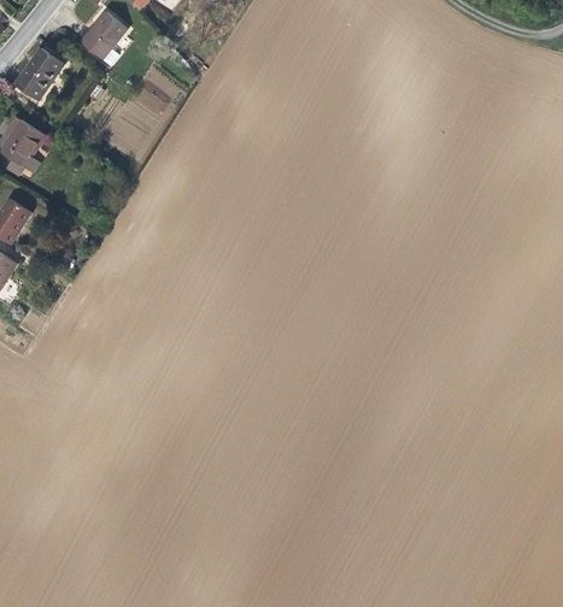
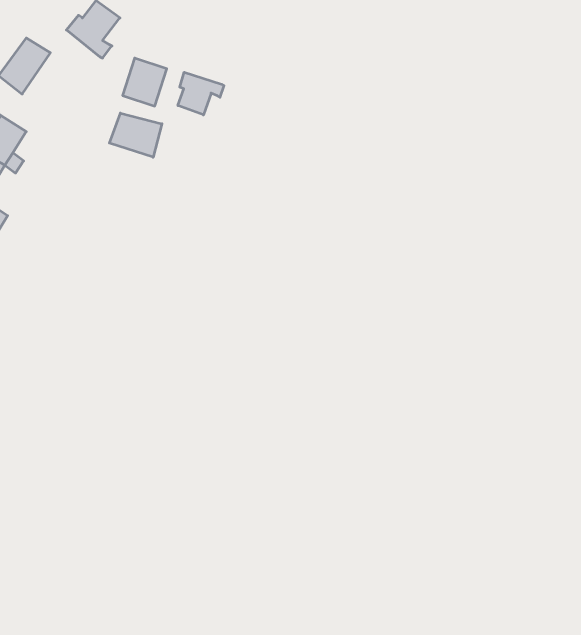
building: none -> [178,72,224,115]
building: none -> [109,113,162,157]

